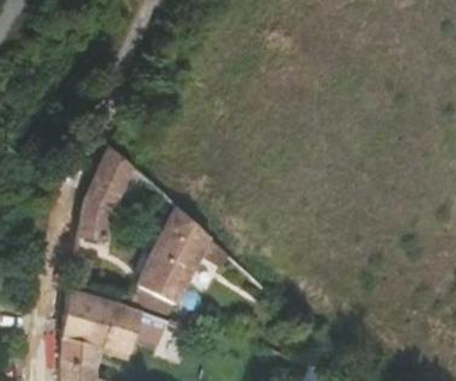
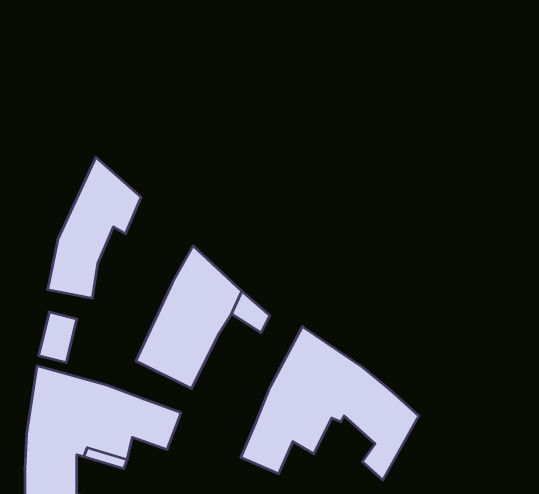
building: none -> [241,326,419,480]

